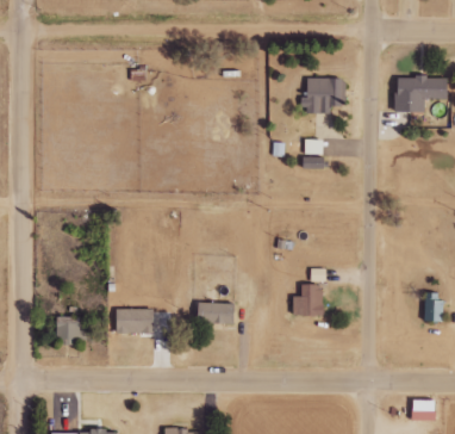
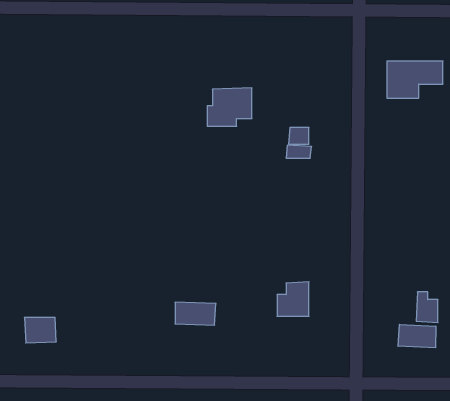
building: [301,78,343,113] -> [207,88,252,126]
building: [114,309,154,334] -> none
building: none -> [398,324,436,348]

